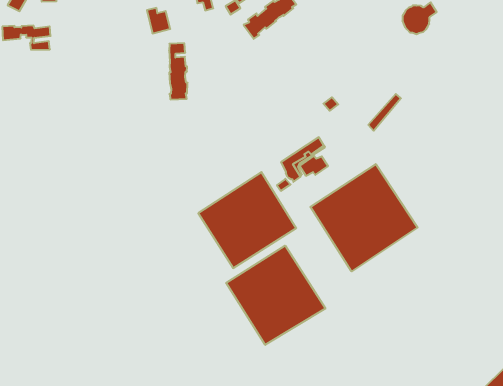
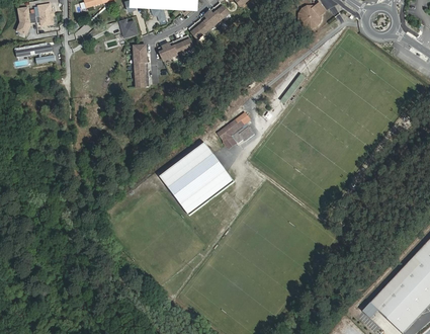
building: none -> [157,37,192,62]
building: [310,164,418,271] -> none
building: [226,246,325,345] -> none

